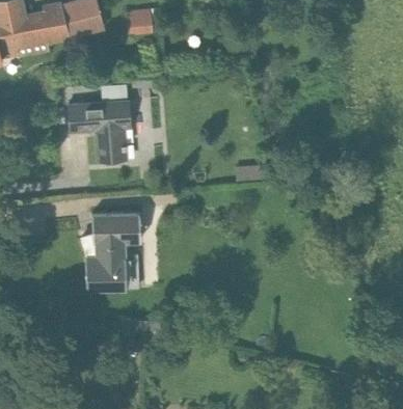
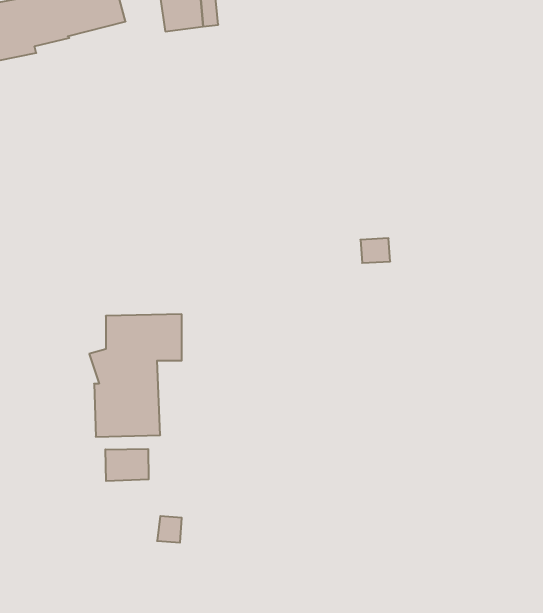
building: [70,102,132,163] -> none
building: none -> [105,449,149,481]

